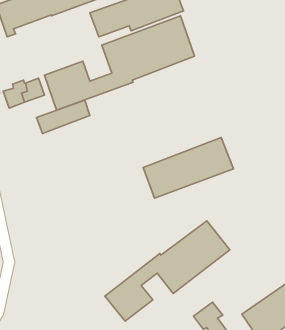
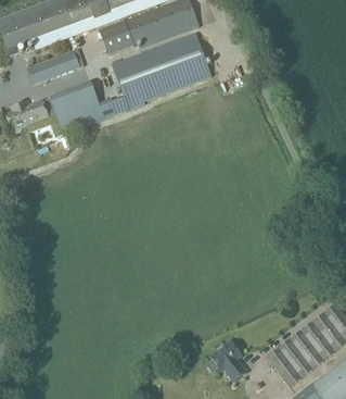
building: [37,100,90,133] -> [27,49,85,85]
building: [143,138,233,198] -> none
building: [105,221,230,321] -> none

